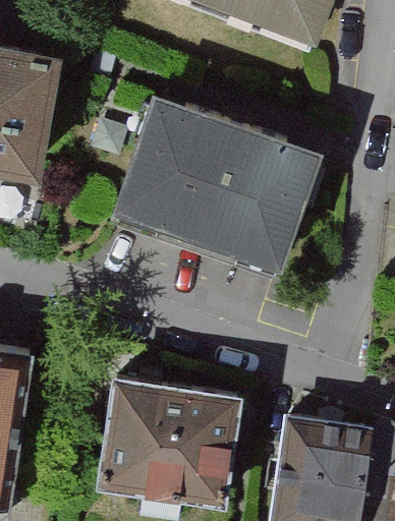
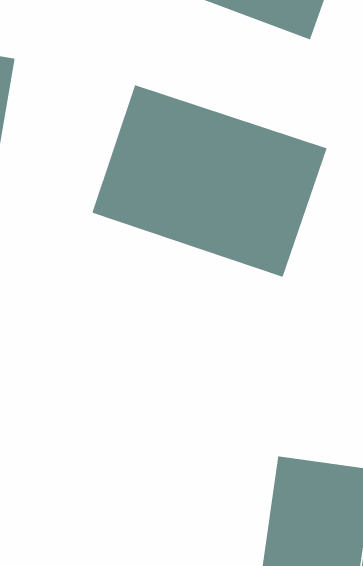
building: [102,388,233,501] -> none

